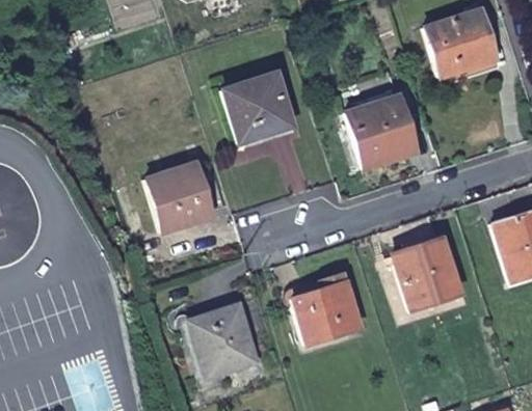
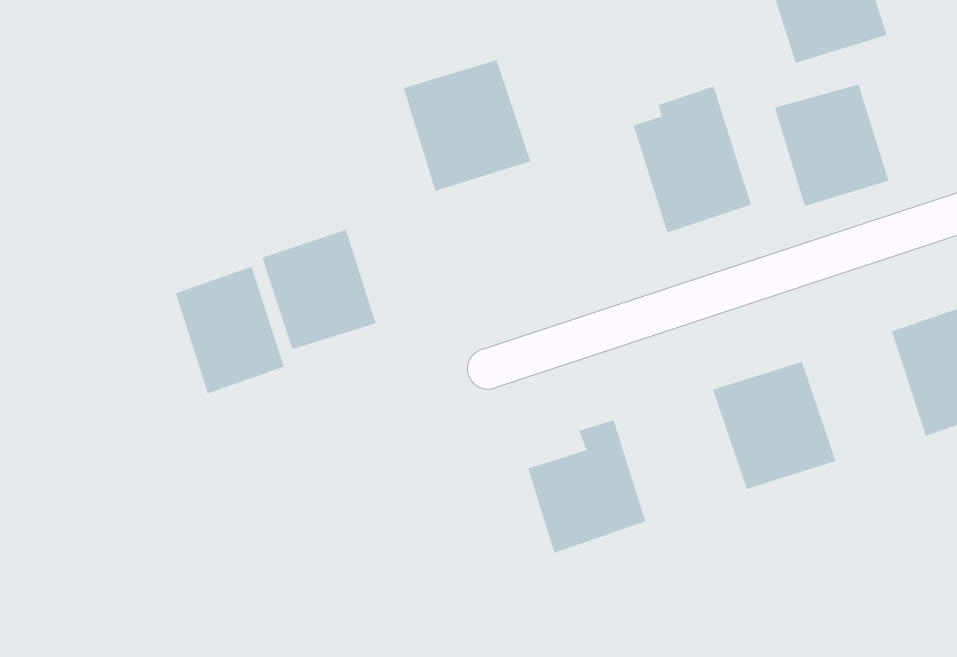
building: none -> [774,84,889,207]
building: none -> [175,266,284,394]
building: [179,303,258,386] -> none

